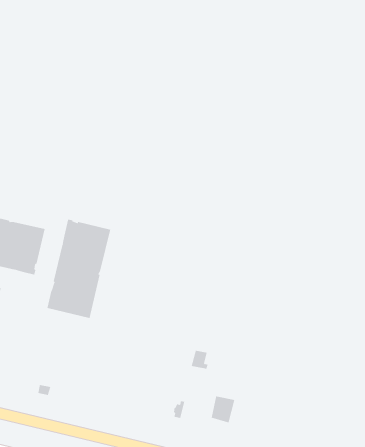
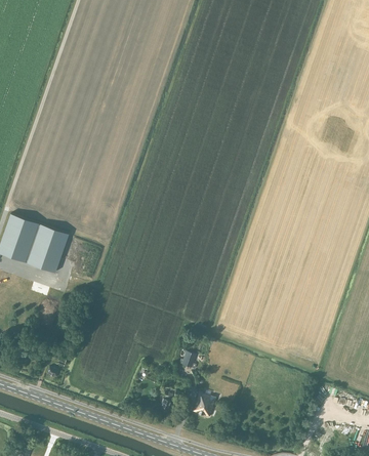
building: [47,219,111,319] -> none

